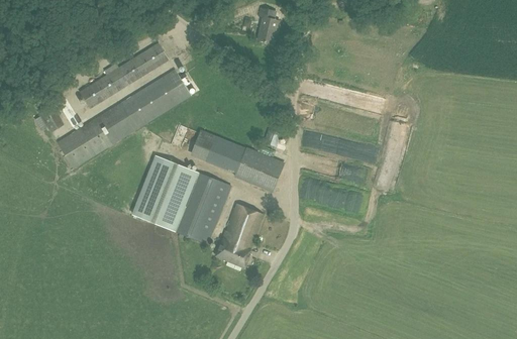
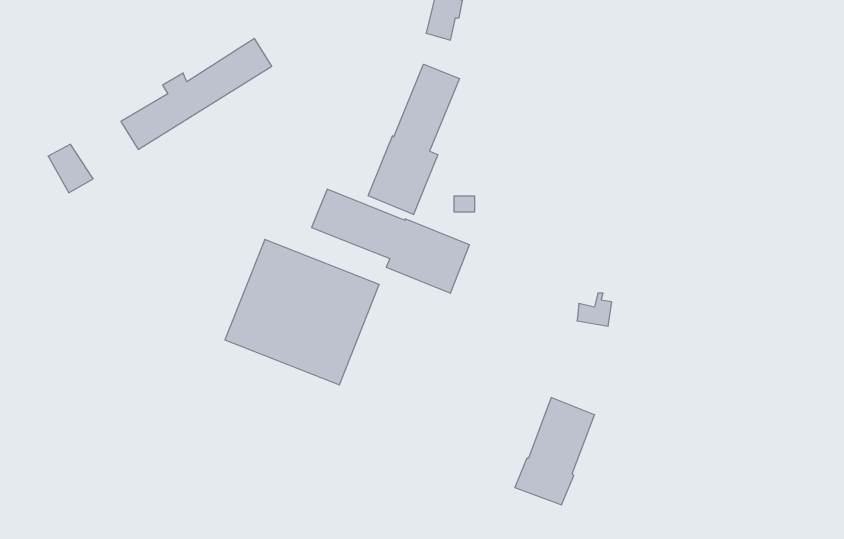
building: none -> [368,64,460,215]
building: [57,68,192,166] -> none
building: [214,203,261,265] -> [515,398,595,505]

